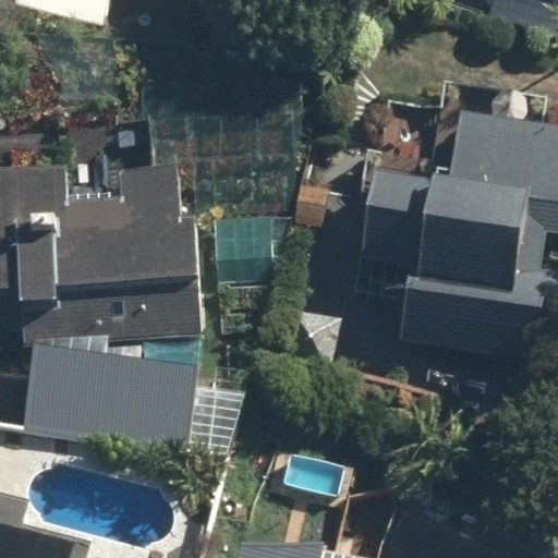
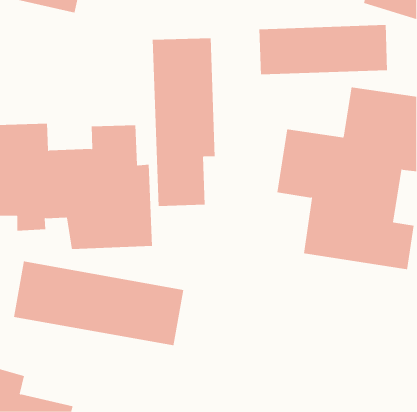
building: none -> [259,24,388,75]

